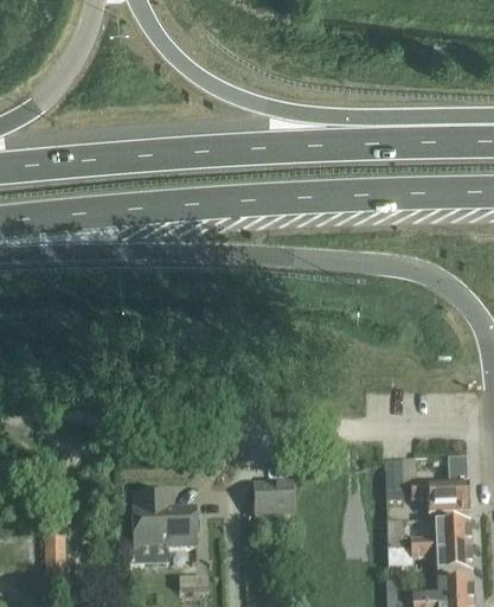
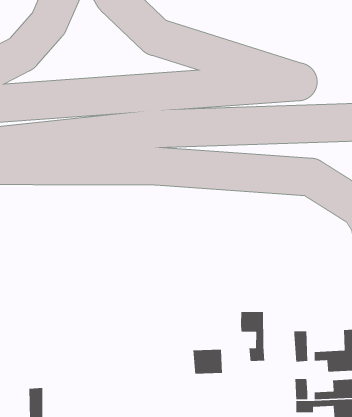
building: none -> [240,311,265,362]
building: [130,491,197,563] -> none

